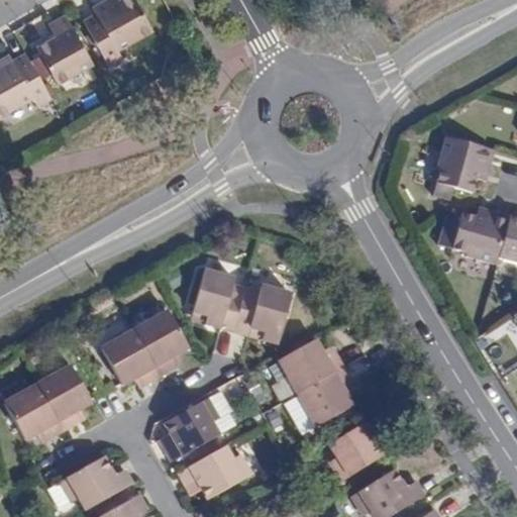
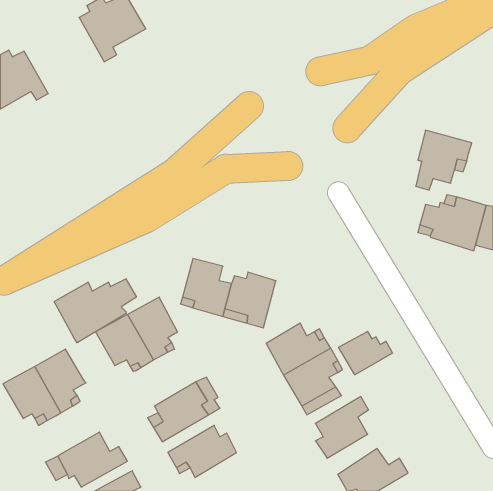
building: [36,13,93,84] -> none
building: none -> [54,279,136,343]
building: none -> [339,331,393,375]

